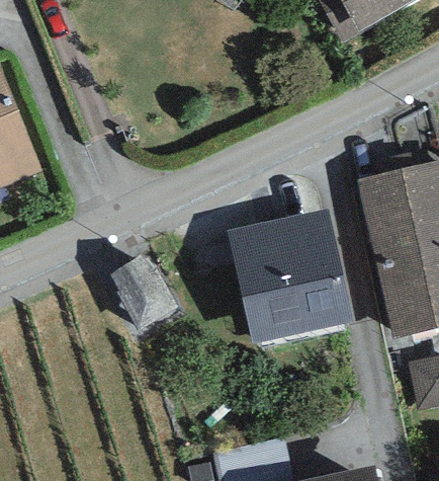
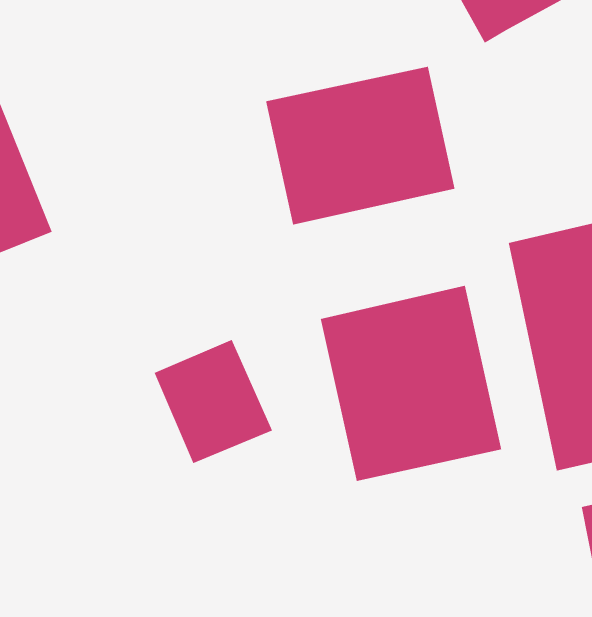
building: none -> [265,66,455,225]

